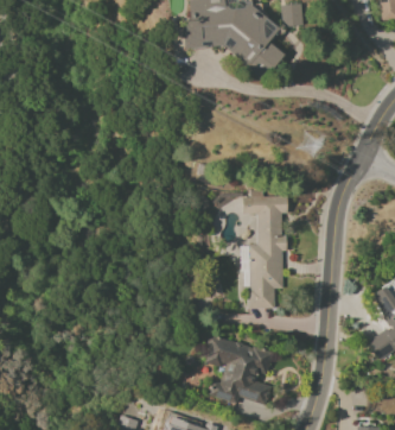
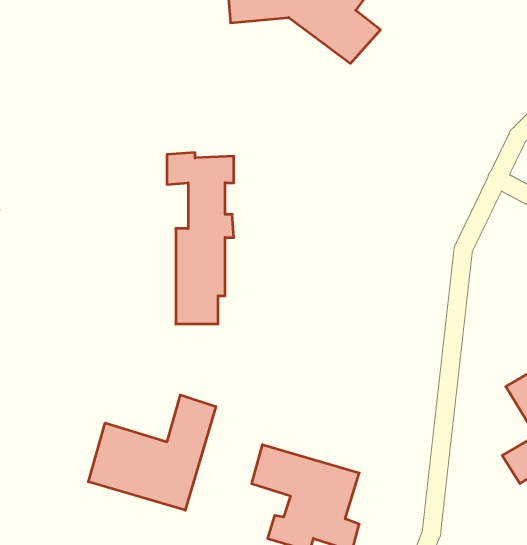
building: [243,192,288,308] -> [167,153,234,324]
building: none -> [88,395,216,510]

